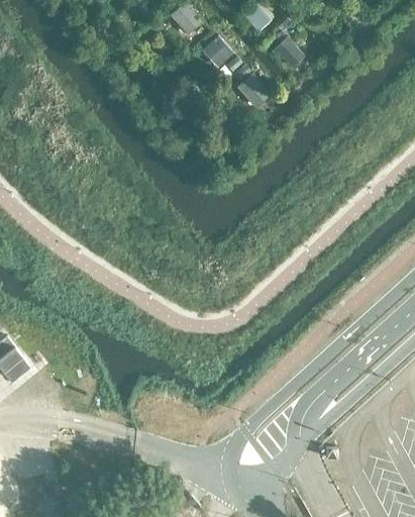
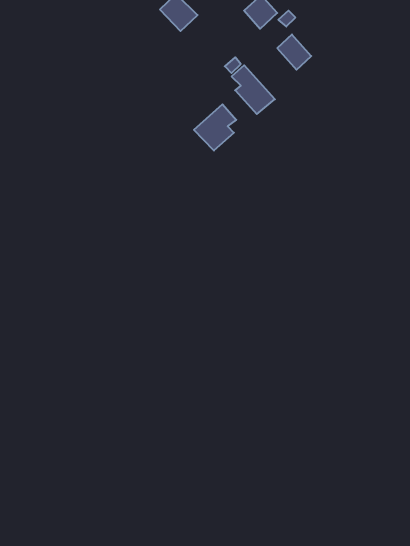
building: [203,35,235,69] -> none
building: none -> [194,104,236,151]

